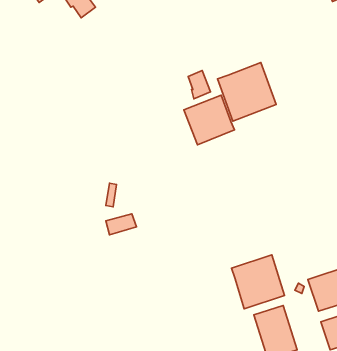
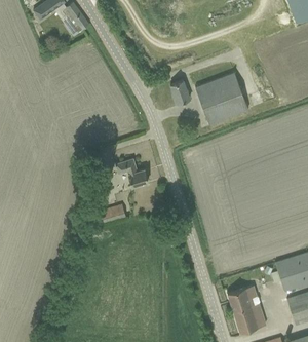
building: [184,95,235,145] -> none
building: none -> [115,158,148,186]
building: [231,255,285,309] -> none

